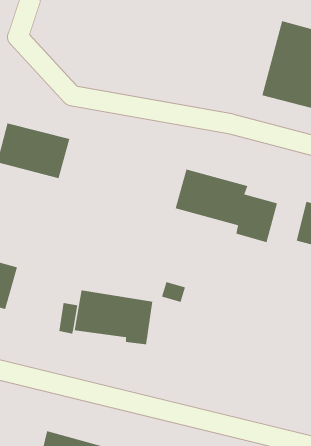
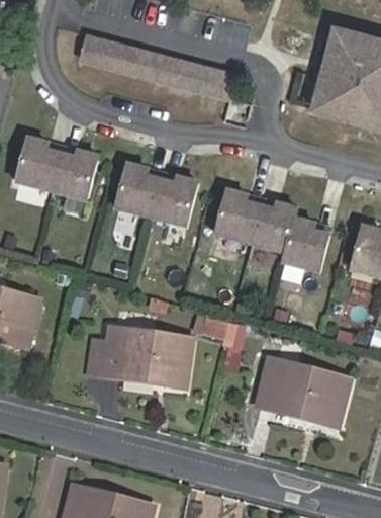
building: none -> [74,33,228,96]
building: none -> [115,165,197,228]
building: none -> [257,358,348,427]

